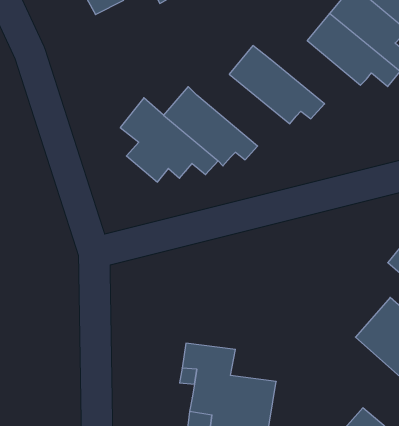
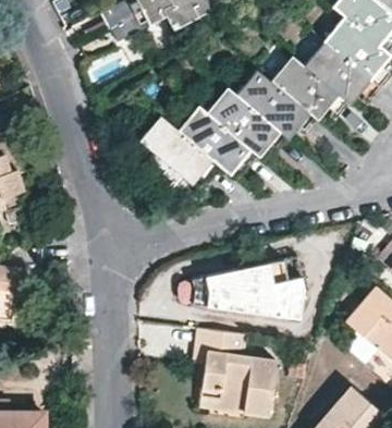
building: none -> [271,54,351,120]
building: none -> [207,87,289,157]
building: none -> [193,257,303,318]

